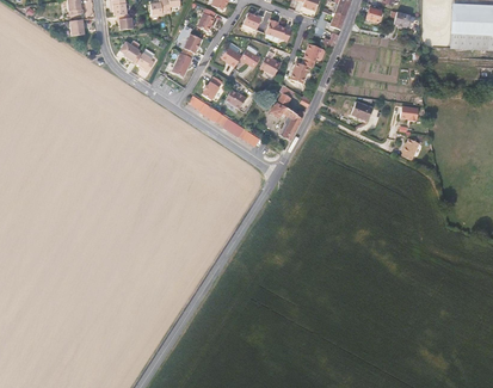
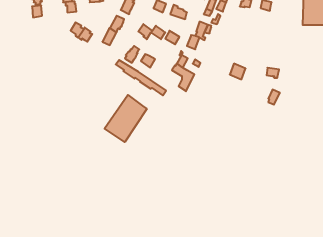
building: none -> [105,95,147,142]

